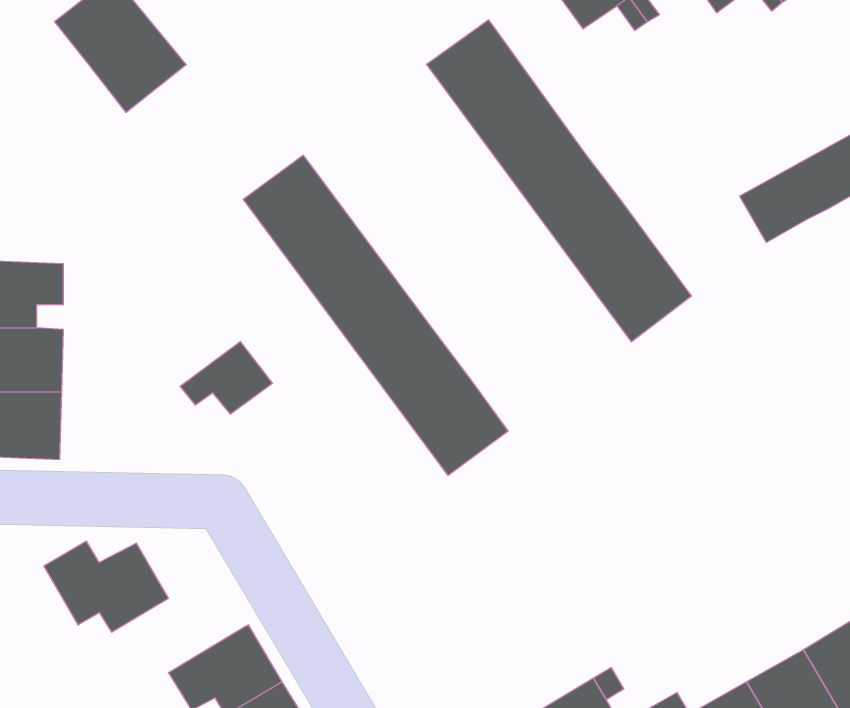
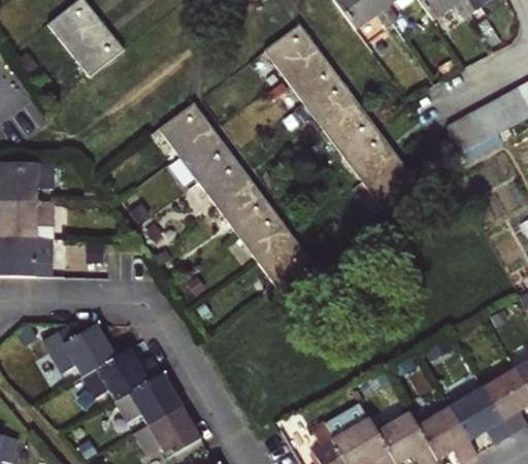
building: [180,341,272,414] -> none
building: none -> [81,349,159,401]

